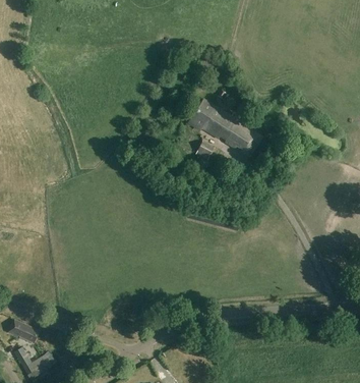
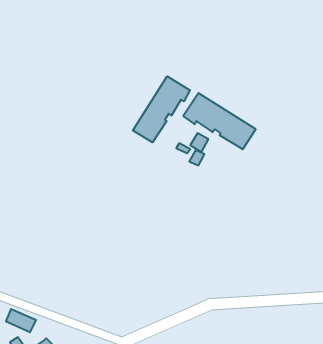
building: none -> [133,76,190,142]

